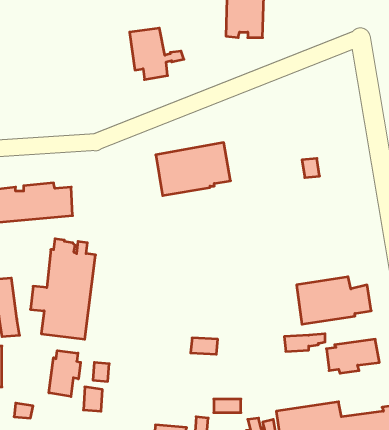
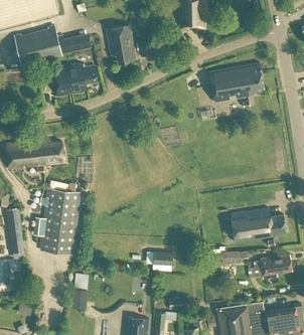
building: none -> [15,26,90,65]
building: none -> [53,63,95,96]
building: [156,143,231,196] -> [209,63,265,103]
building: [49,351,81,397] -> none

